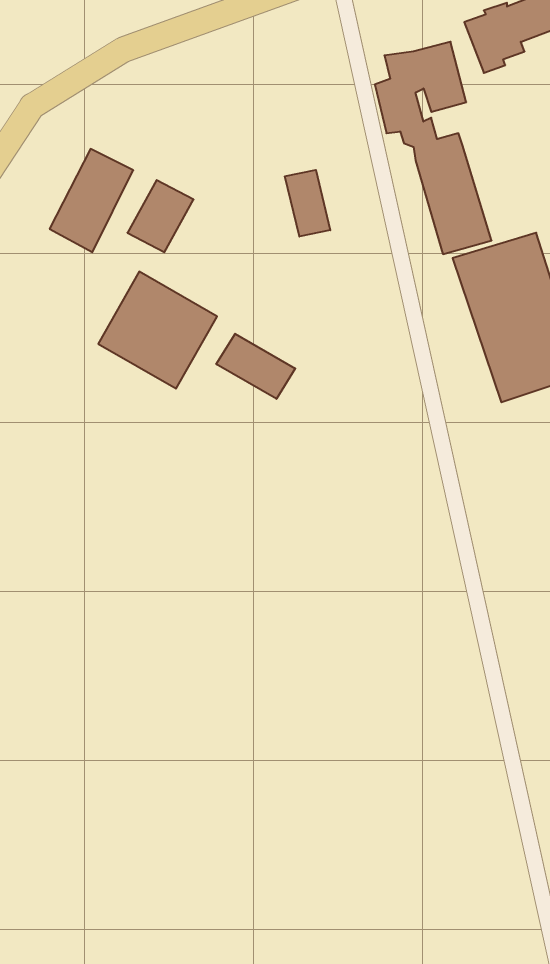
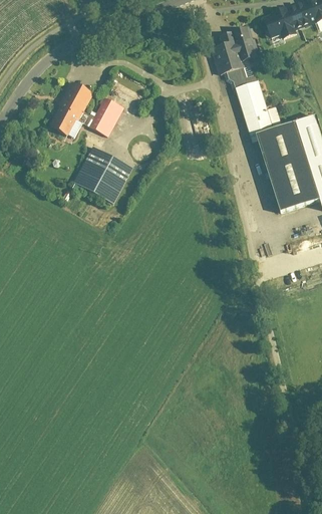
building: [285,170,330,237] -> none
building: [216,334,295,399] -> none

